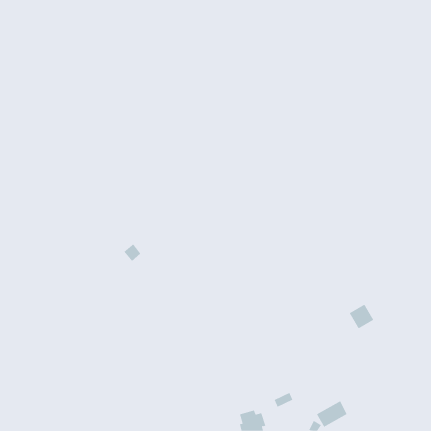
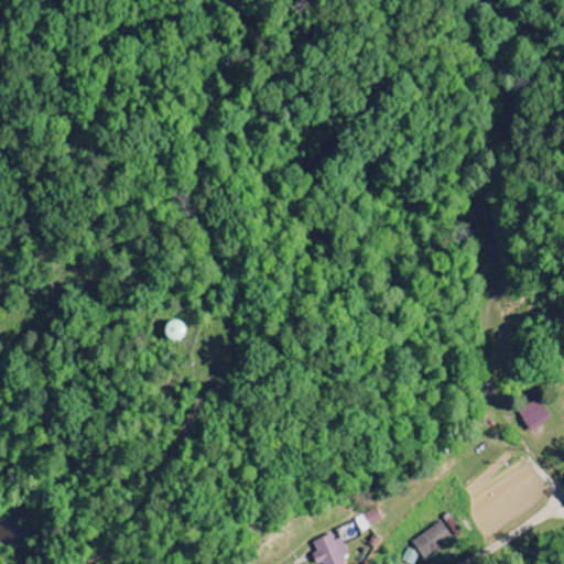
building: [349,304,374,329] -> [520,399,553,432]

